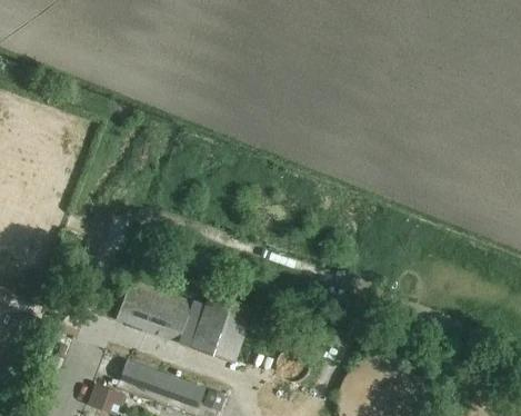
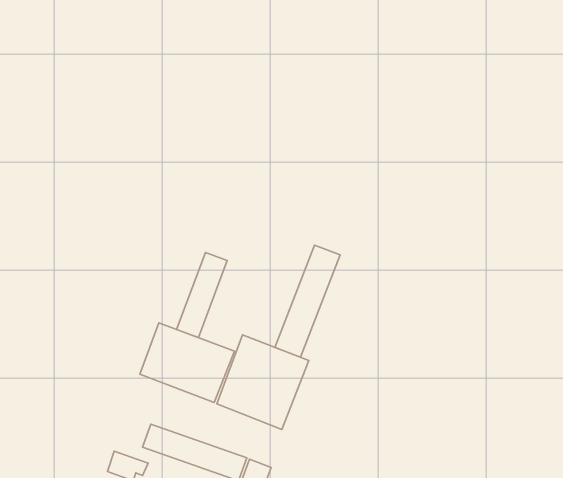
building: none -> [275,245,340,357]
building: none -> [177,252,227,338]

